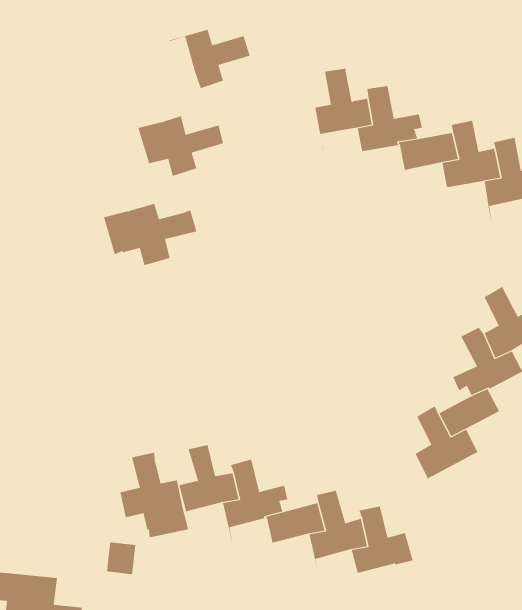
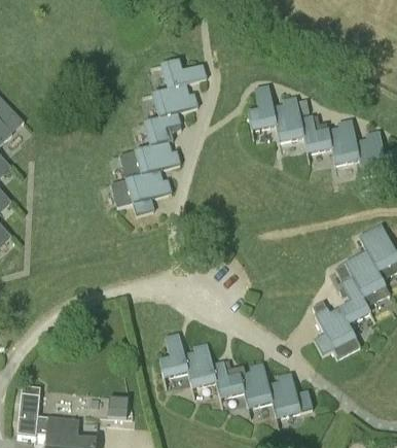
building: none -> [141,88,197,129]
building: none -> [118,145,180,184]
building: [120,452,189,538] -> none

